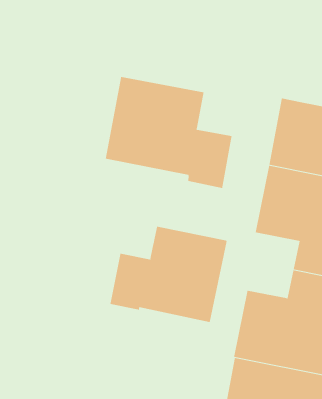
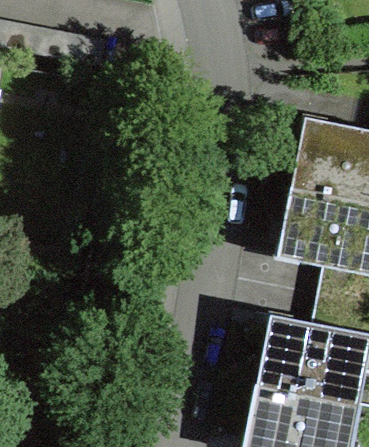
building: [105,76,232,189] -> none
building: [110,226,227,323] -> none

